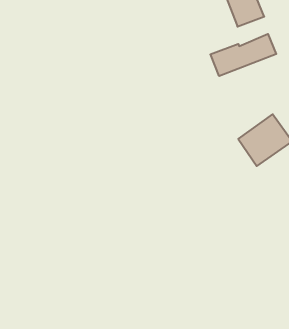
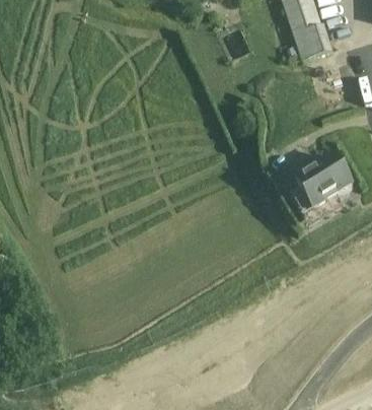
building: [210,34,276,76] -> none

